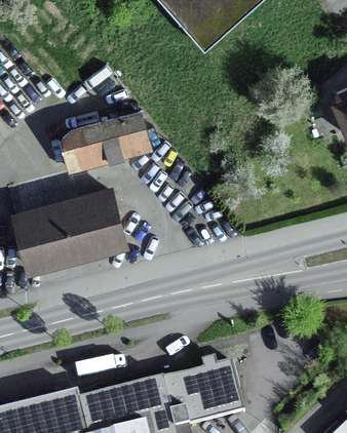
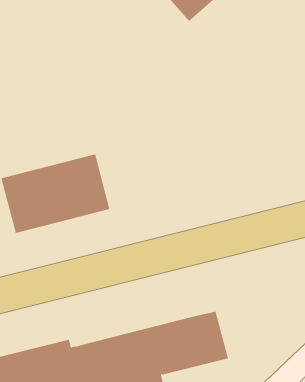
building: [59,111,148,173] -> none

